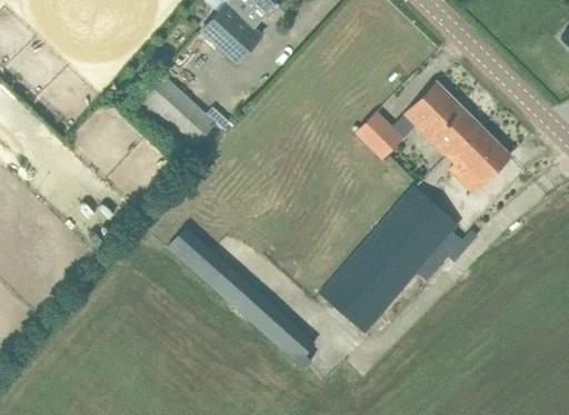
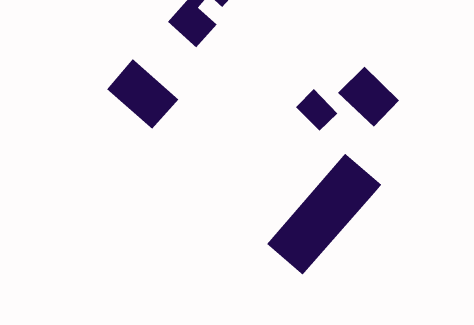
building: [448,123,510,192] -> none
building: [168,227,316,369] -> none

